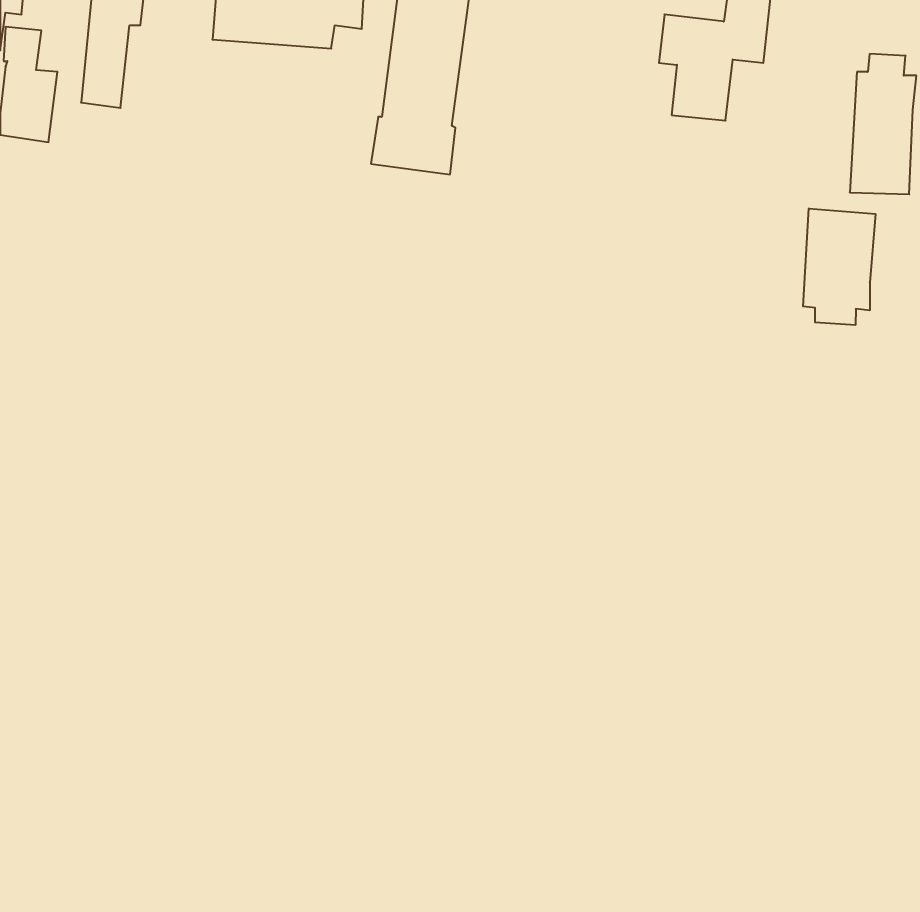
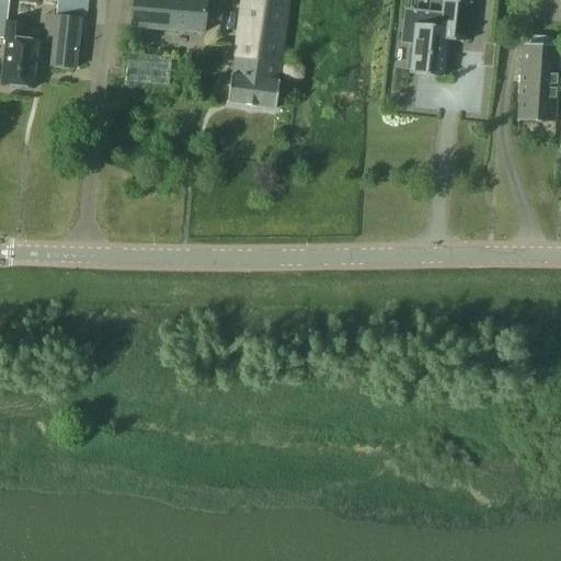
building: [803,208,875,325] -> none

